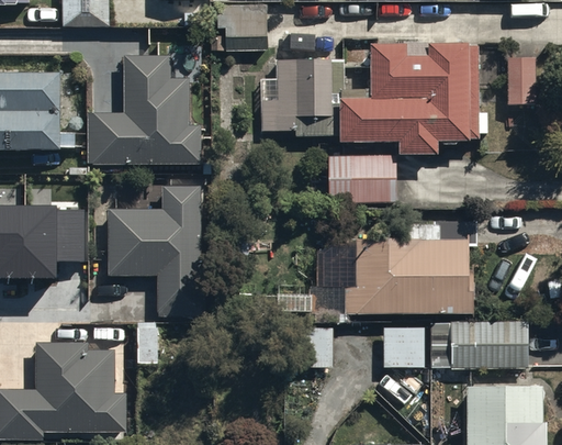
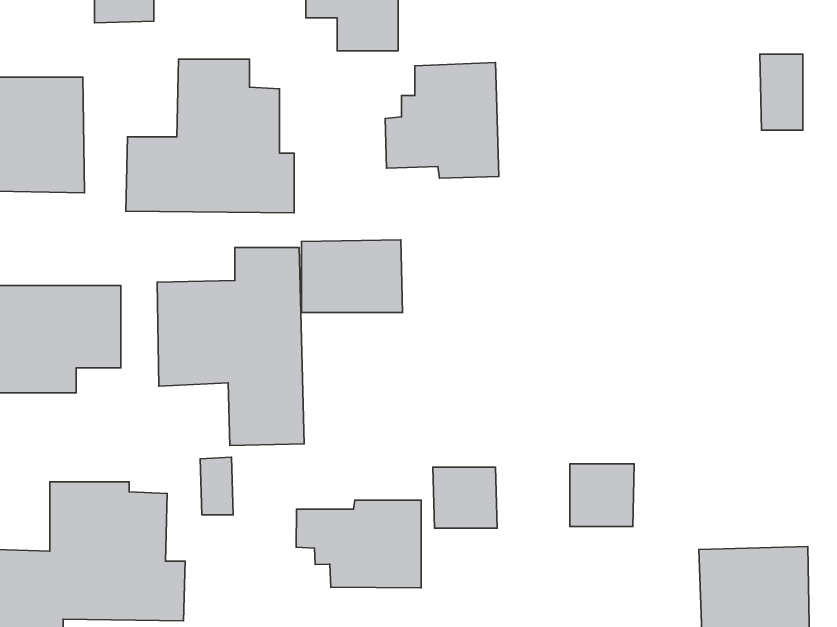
building: [340,38,479,151] -> none
building: [326,153,393,201] -> [302,240,402,312]
building: [342,236,469,314] -> none
building: [430,323,527,370] -> none
building: none -> [296,500,421,588]

